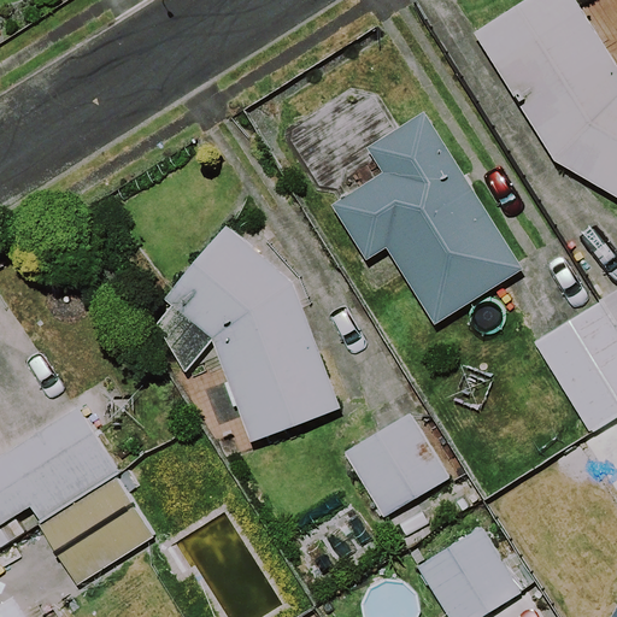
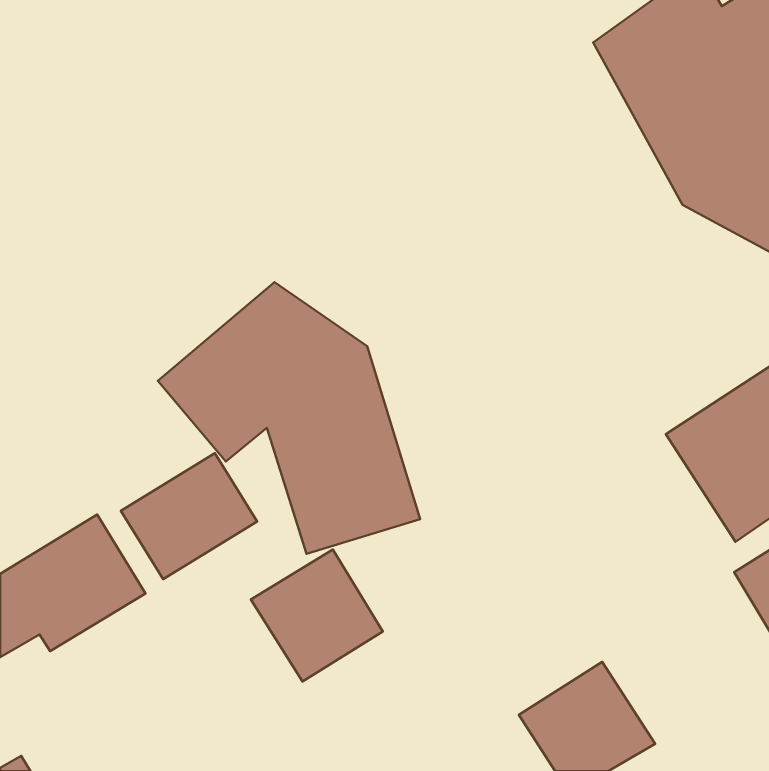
building: [317,112,523,324] -> none
building: [342,413,447,518] -> [251,550,383,682]
building: [45,486,153,586] -> [121,453,257,579]

